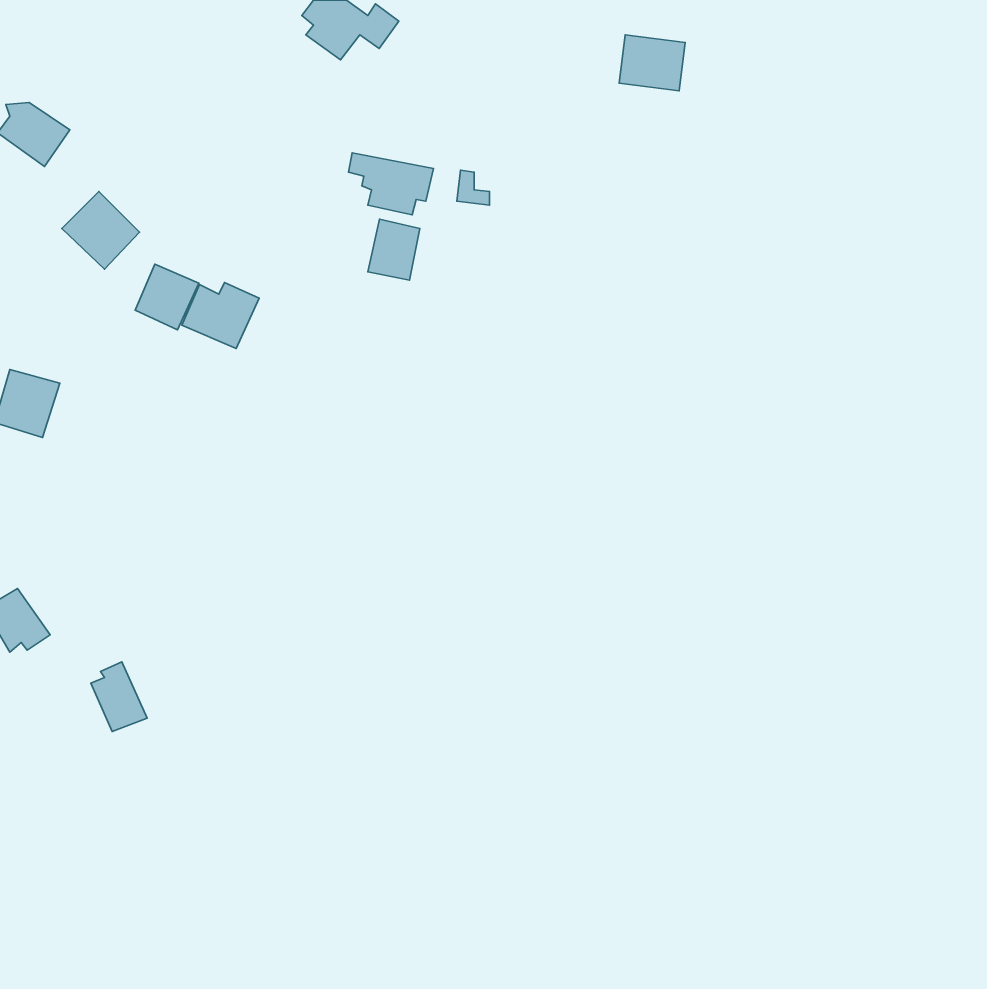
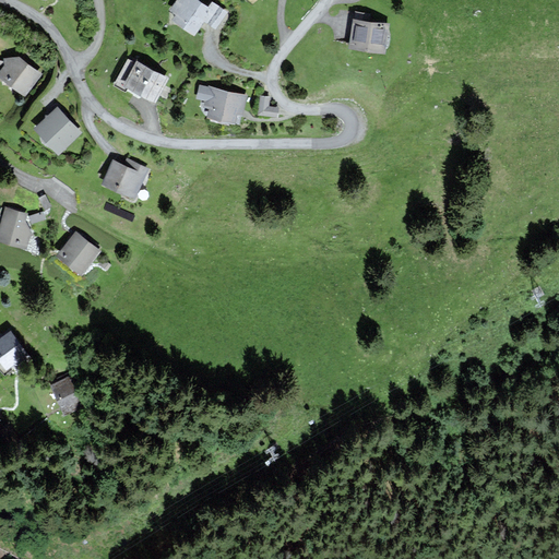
building: none -> [116,61,166,100]
building: [368,219,420,280] -> none
building: [135,264,199,330] -> none
building: none -> [57,233,98,273]

